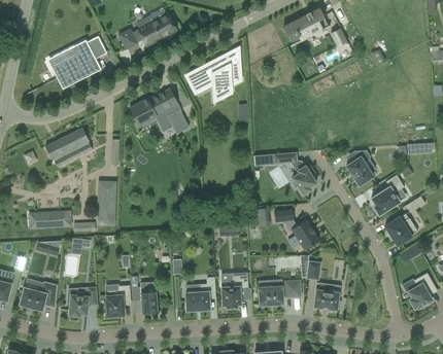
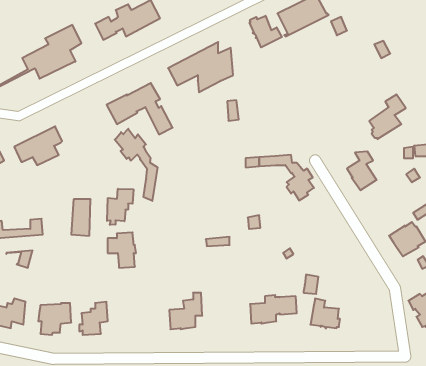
building: none -> [250,16,282,47]
building: none -> [115,129,157,201]
building: [371,175,404,215] -> [369,95,406,139]
building: none -> [107,189,133,225]
building: [274,210,319,249] -> none
building: [220,273,248,308] -> none
building: [132,282,158,314] -> [108,232,136,268]

